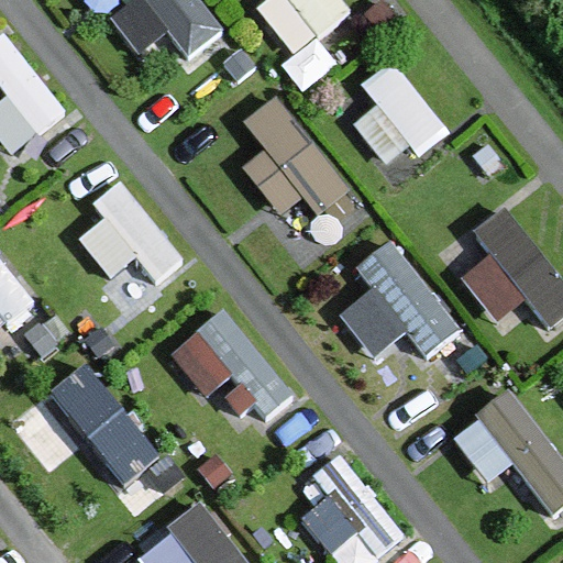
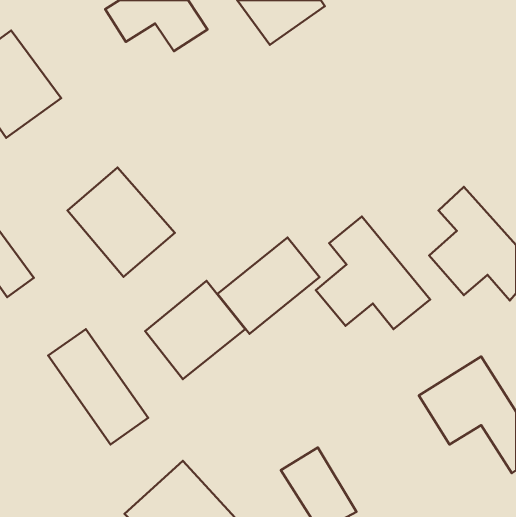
building: [344,69,445,169] -> none
building: [228,96,341,214] -> none
building: none -> [217,237,320,334]

